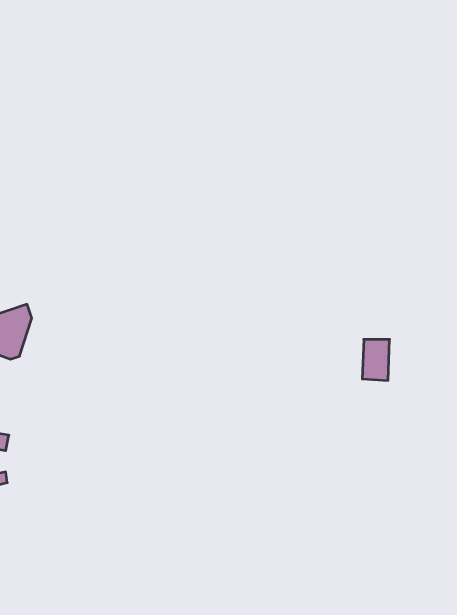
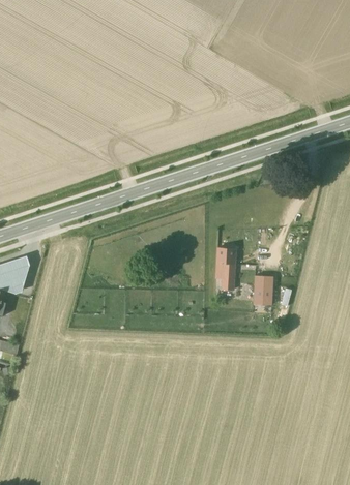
building: none -> [215,248,236,290]

